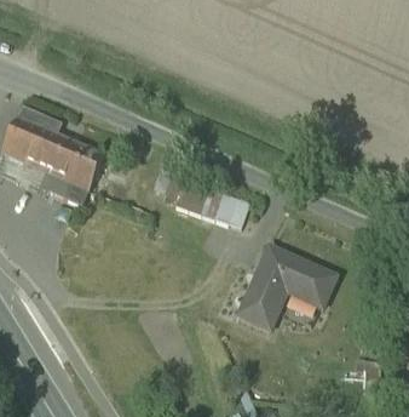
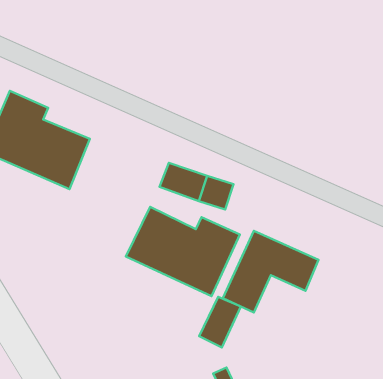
building: none -> [126,207,240,296]
building: none -> [199,297,241,348]

